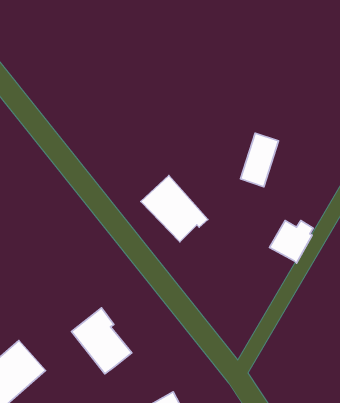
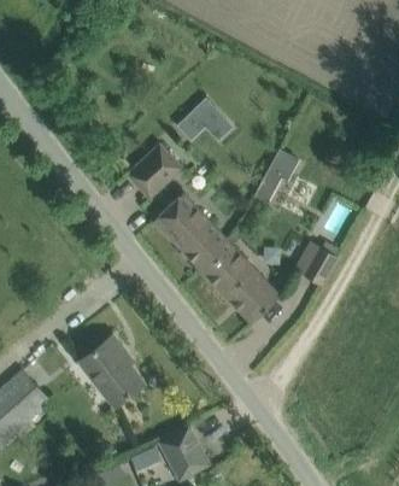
building: none -> [178,94,239,141]
building: none -> [127,144,182,198]
building: none -> [195,240,278,323]

